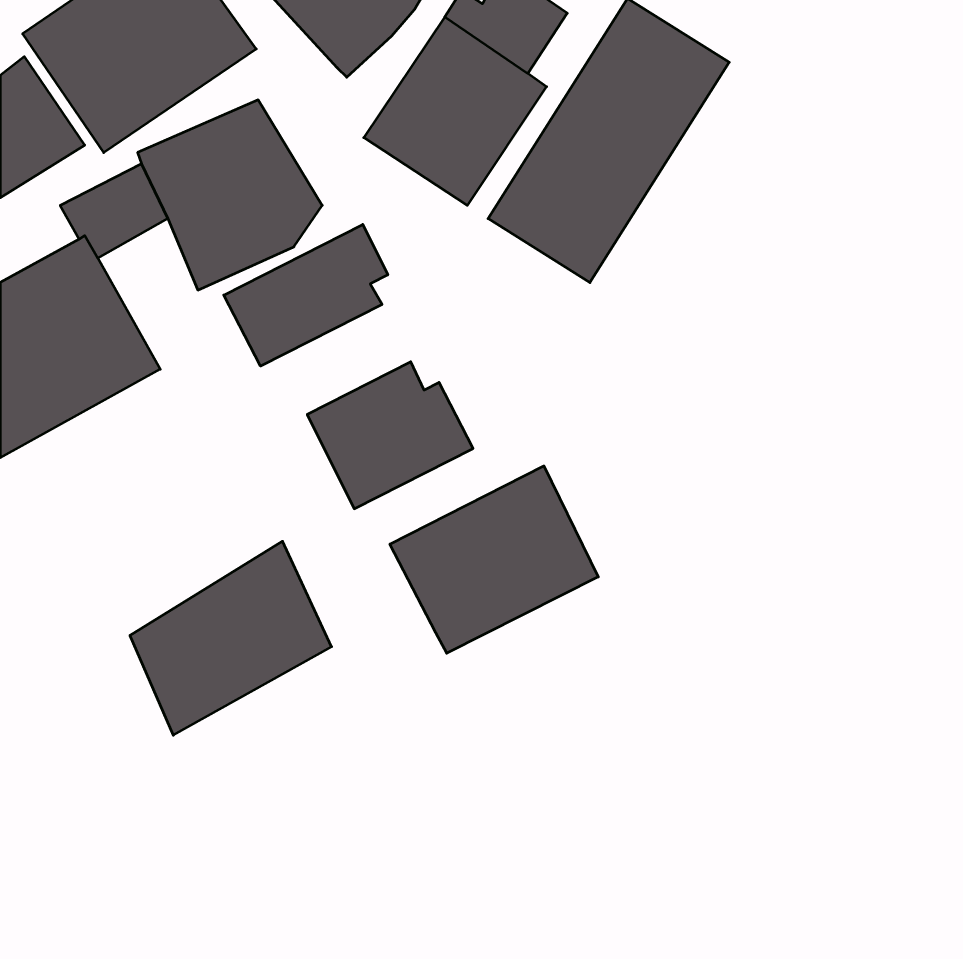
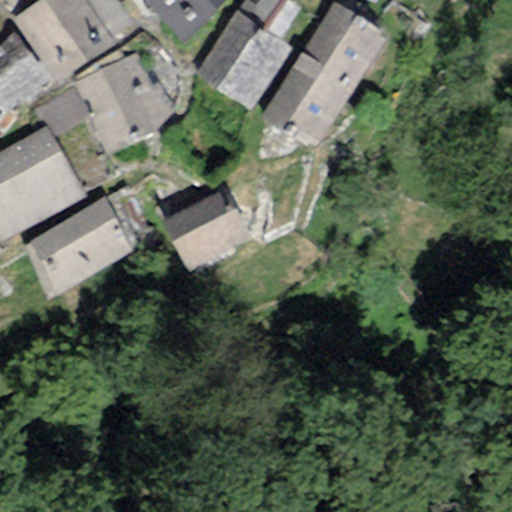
building: [224,224,388,366] -> none
building: [390,466,598,653] -> none
building: [130,541,332,735] -> [24,195,131,298]

